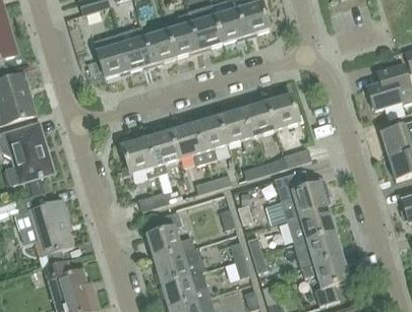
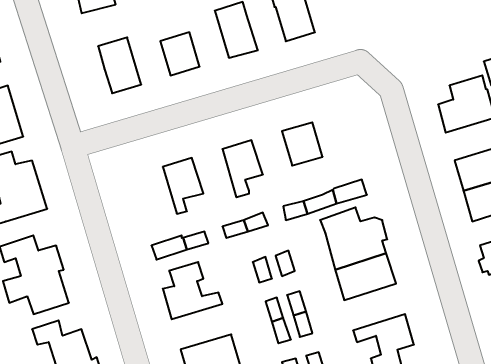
building: [215,9,246,44] -> none
building: [169,12,200,57] -> none
building: [119,26,154,71] -> none
building: [268,95,299,129] -> none
building: [219,109,254,150] -> none
building: [171,123,207,166] -> none
building: [123,137,159,178] -> none
building: [293,231,342,268] -> none
building: [155,246,205,284] -> none

